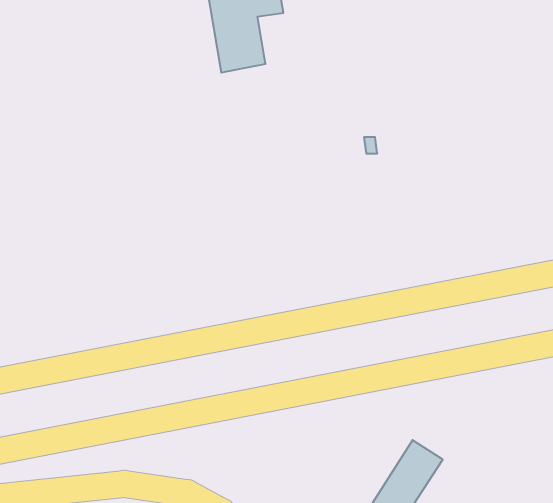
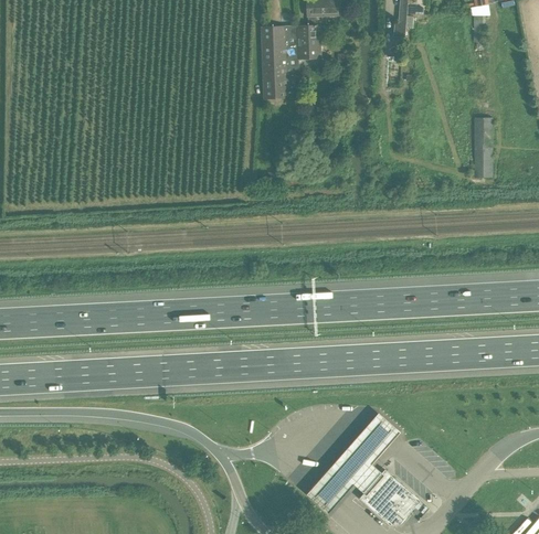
building: none -> [473,116,493,175]

